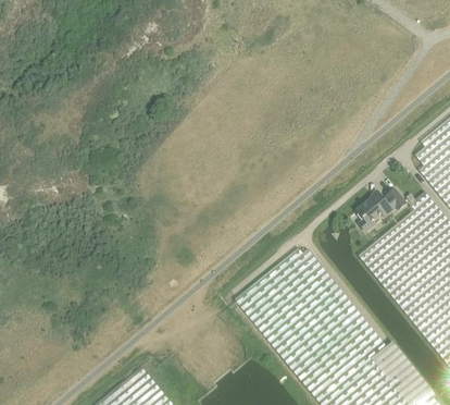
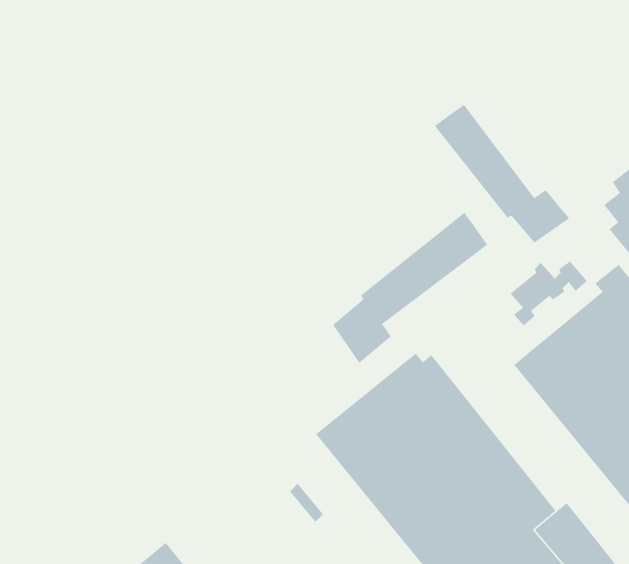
building: none -> [434,104,570,243]
building: none -> [332,212,488,364]

